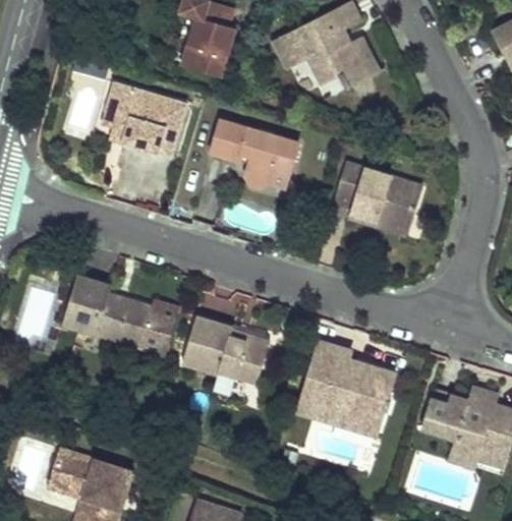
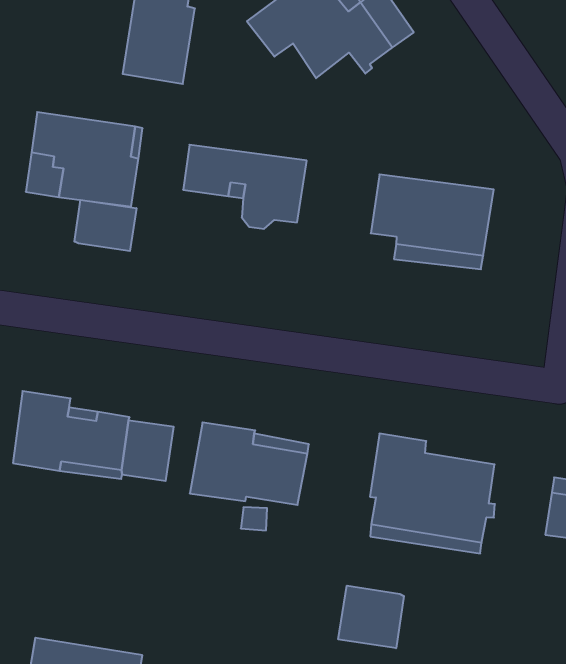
building: none -> [74,200,136,251]
building: none -> [338,586,404,648]

